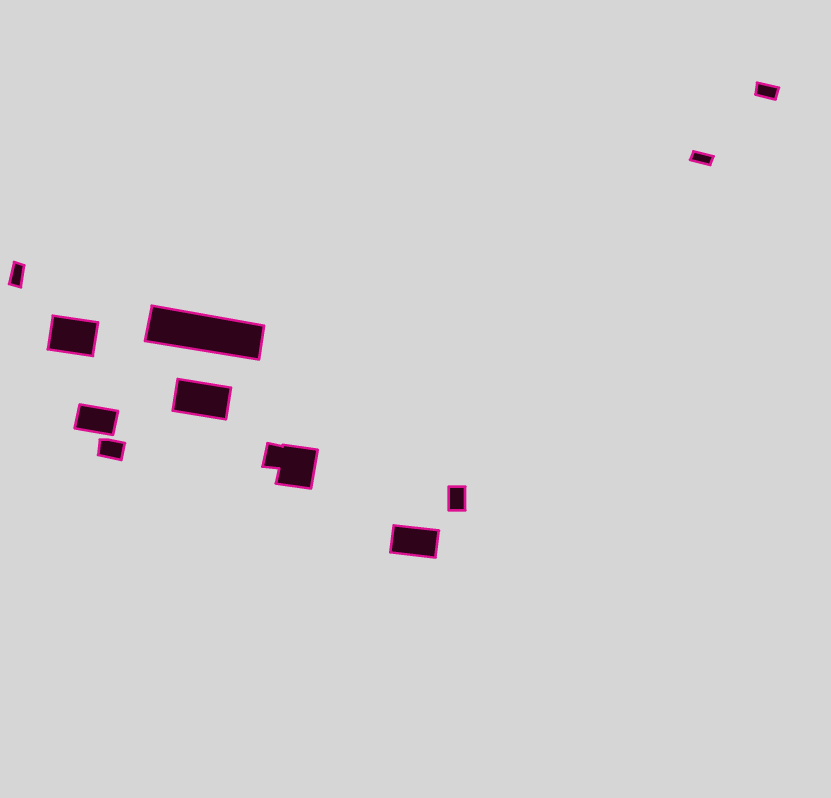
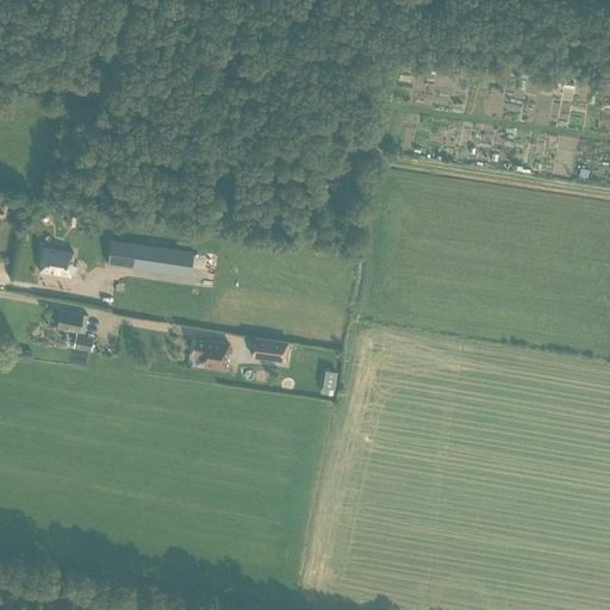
building: [173,379,231,419] -> none
building: [390,525,439,557] -> [253,337,287,360]

